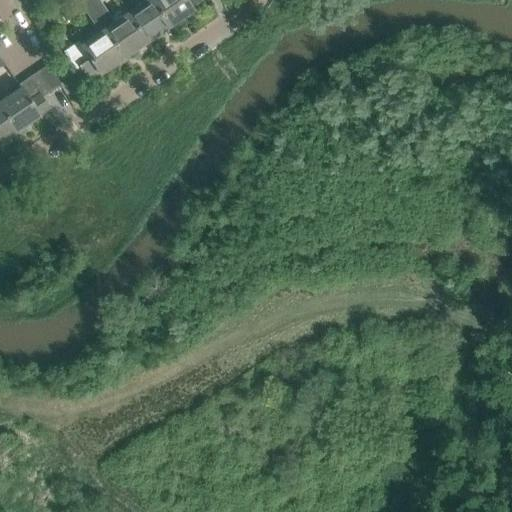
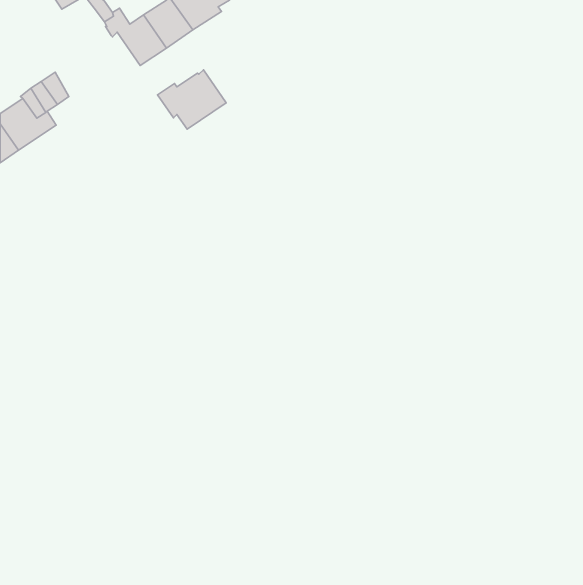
building: [65,28,125,80] -> [157,70,226,129]

